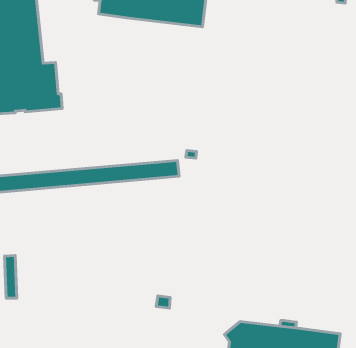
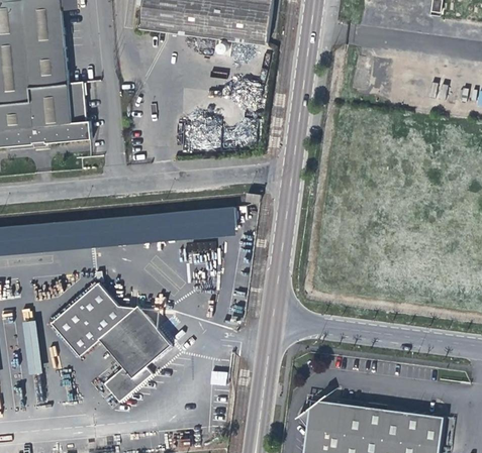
building: none -> [51,280,170,403]

